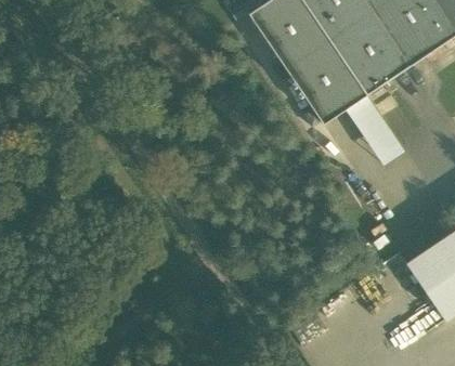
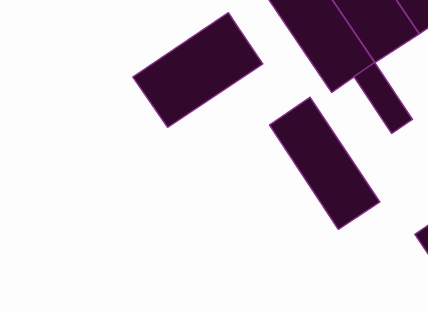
building: none -> [133,13,263,127]
building: none -> [270,97,380,229]

